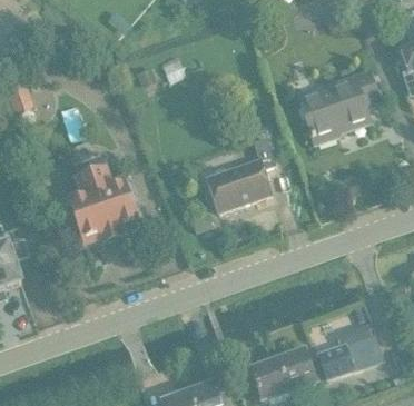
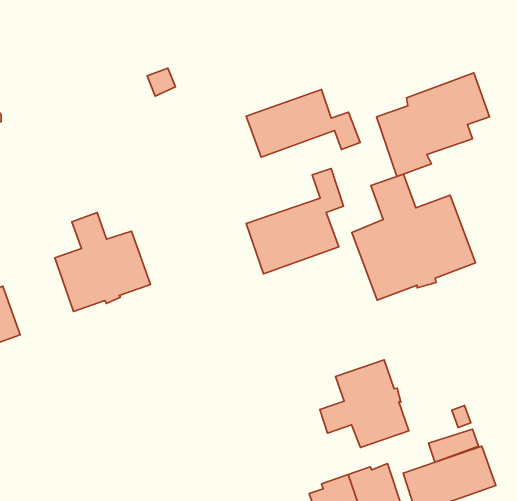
building: none -> [246,90,360,157]
building: none -> [352,174,475,300]
building: none -> [320,360,409,447]

